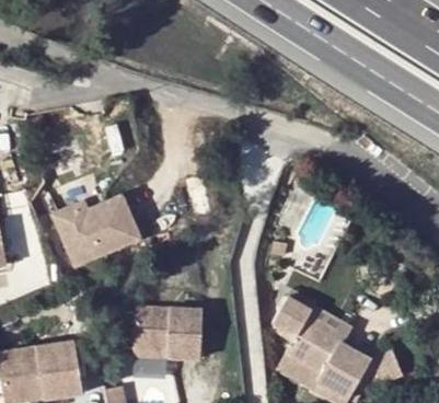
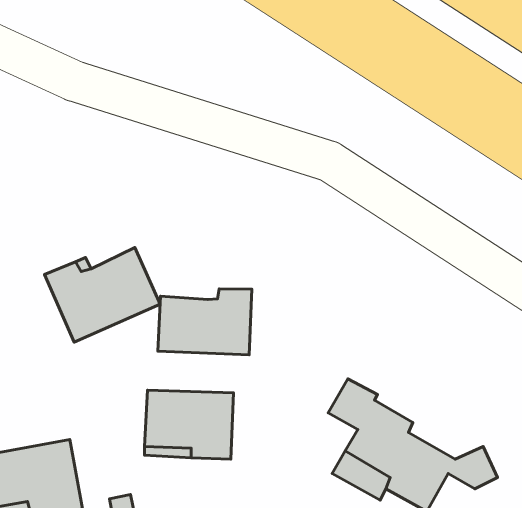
building: none -> [158,289,252,355]

